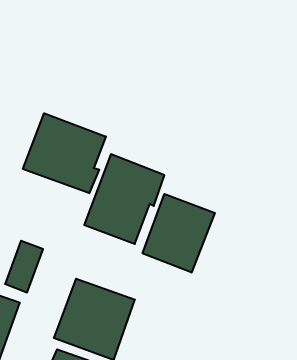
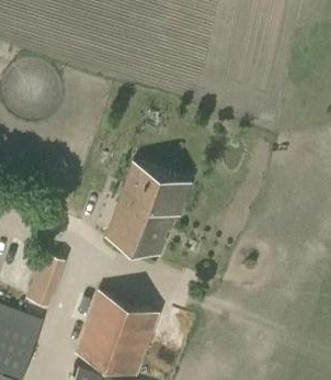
building: [23,113,106,193] -> none
building: [143,194,215,273] -> none

